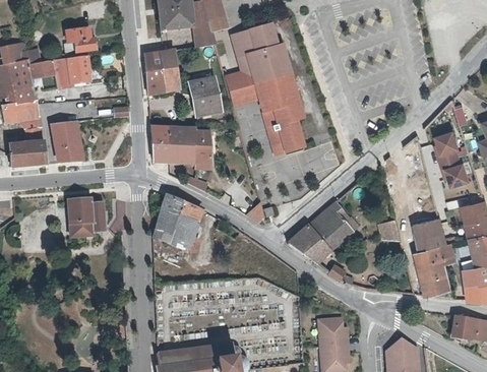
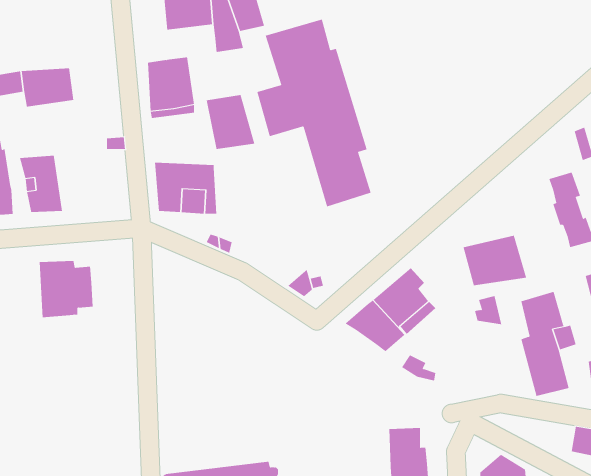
building: [63,27,96,54] -> none
building: [193,129,210,164] -> none
building: none -> [463,235,527,286]
building: [151,192,204,250] -> none

